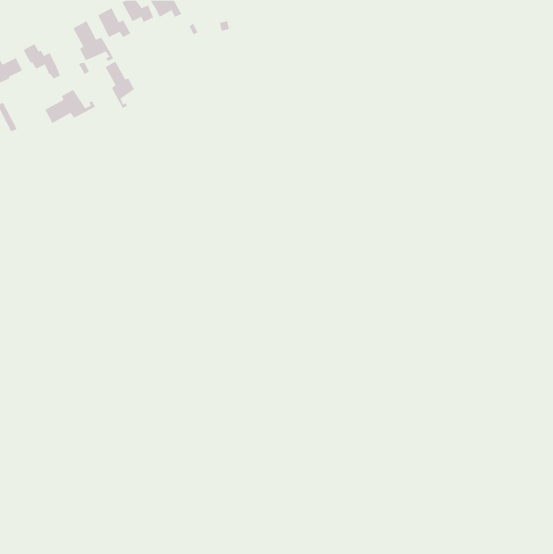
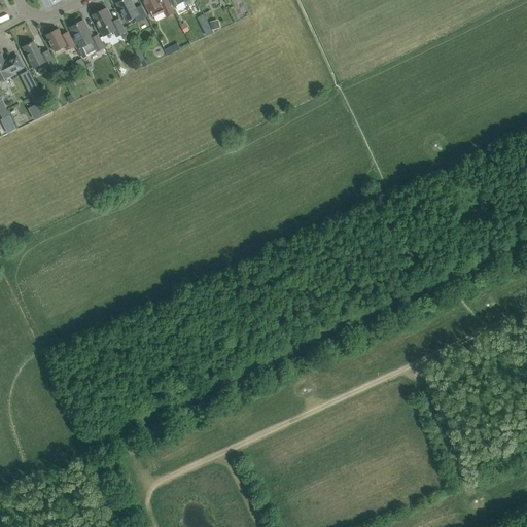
building: none -> [45,28,74,51]
building: [105,61,135,109] -> none
building: [44,89,96,124] -> none

